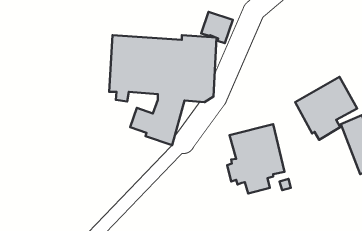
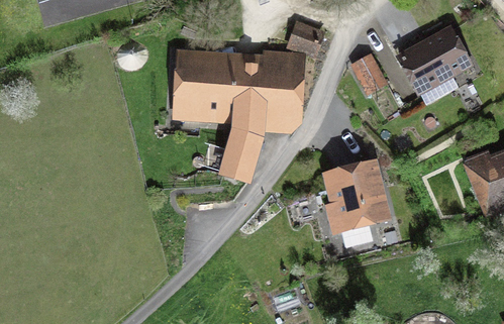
building: none -> [351,51,388,93]
building: [295,77,357,140] -> [396,23,474,102]

